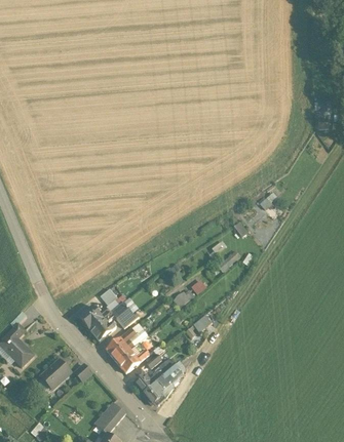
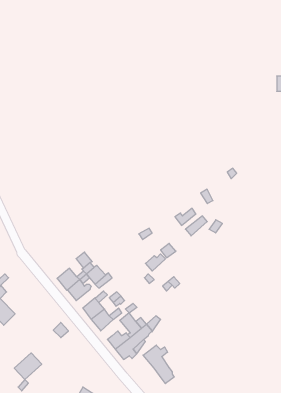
building: [40,360,70,389] -> [14,353,42,379]
building: none -> [143,345,174,384]
building: [97,402,124,431] -> none

